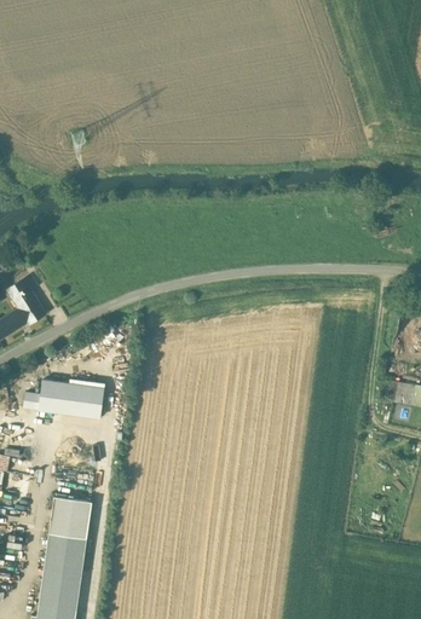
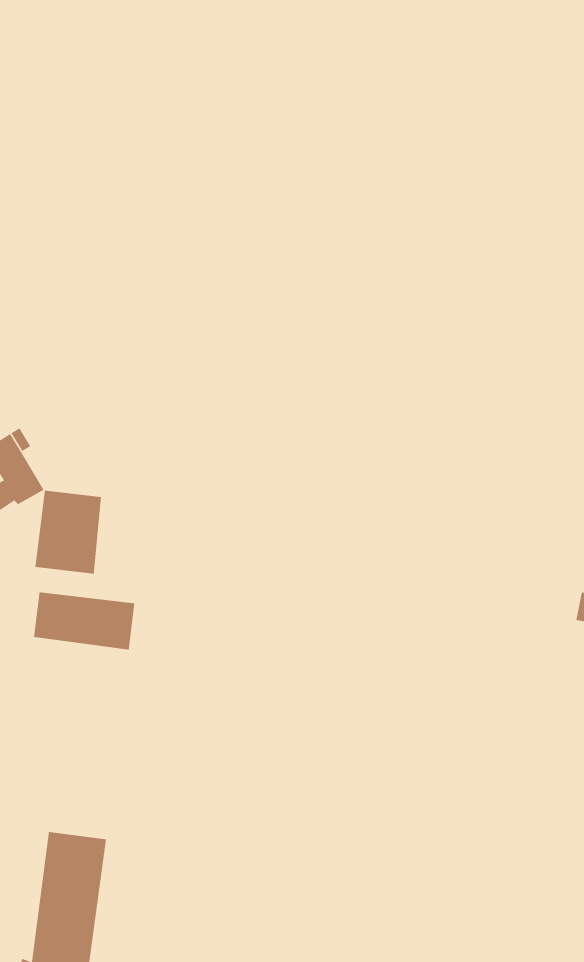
building: none -> [35,490,101,574]
building: [48,496,92,537] -> none

